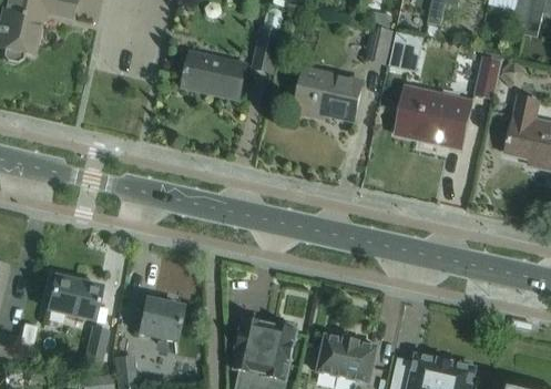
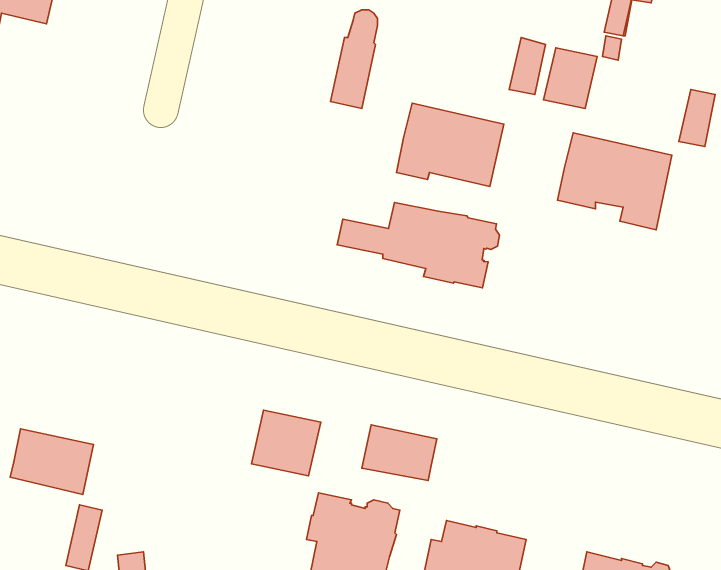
building: [182,51,246,99] -> none
building: none -> [337,203,499,288]
building: none -> [362,425,437,481]
building: [137,298,182,340] -> [251,410,321,476]

